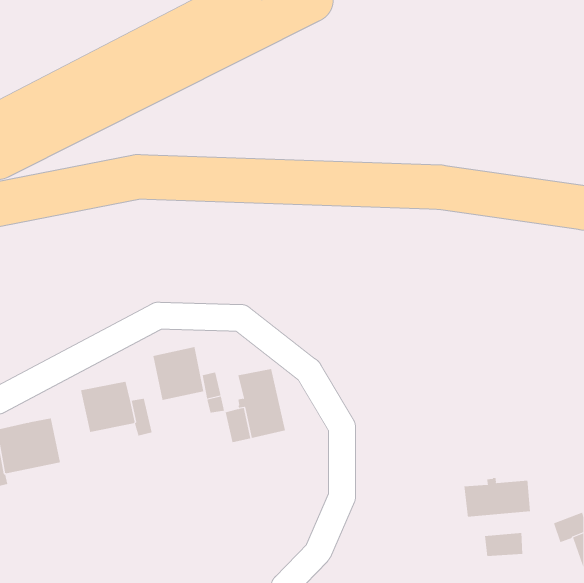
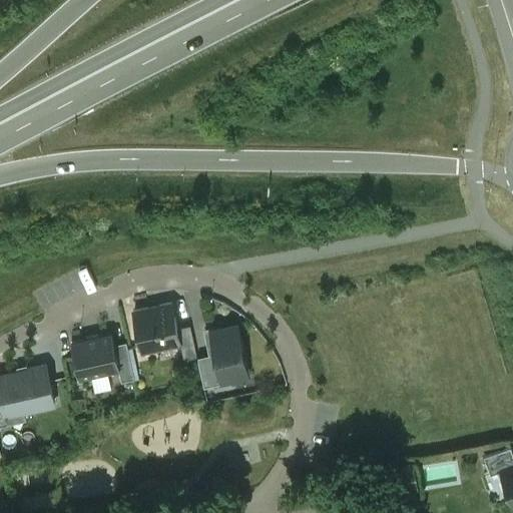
building: [464,477,530,518] -> none

